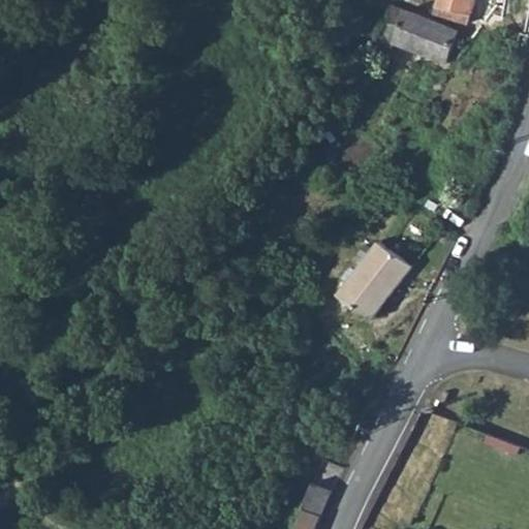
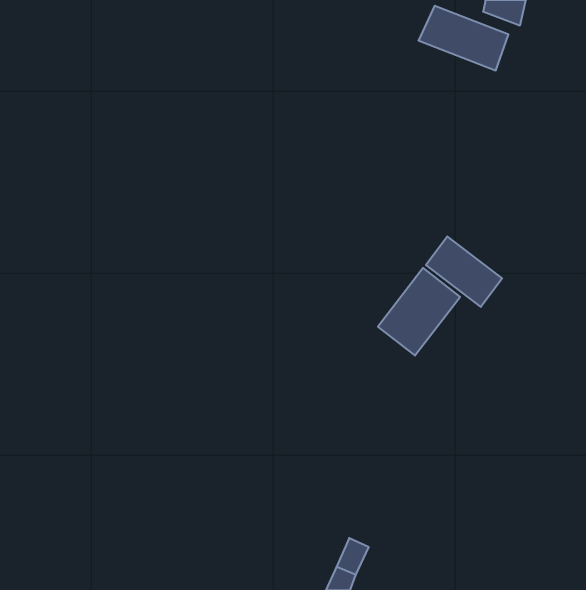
building: none -> [426,236,502,307]

